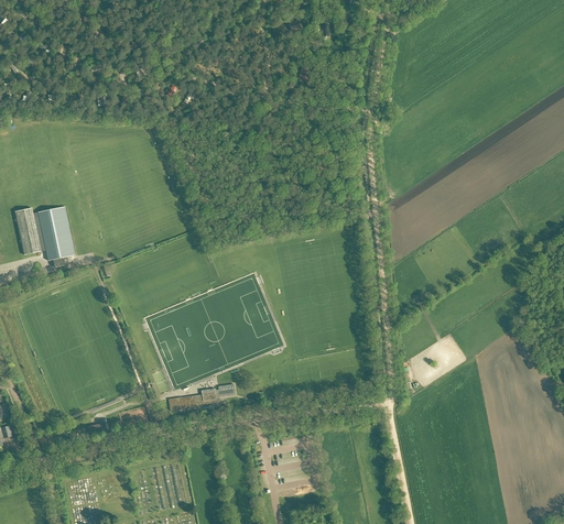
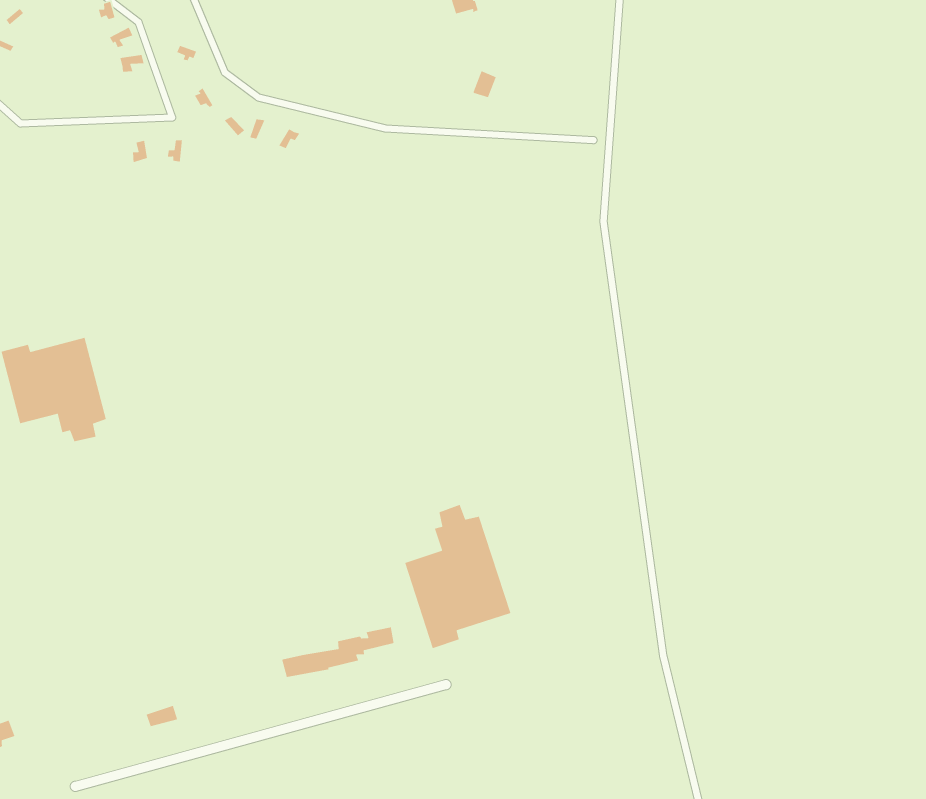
building: none -> [404,504,511,649]

